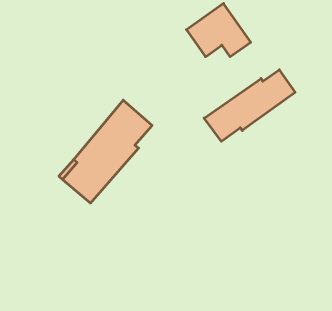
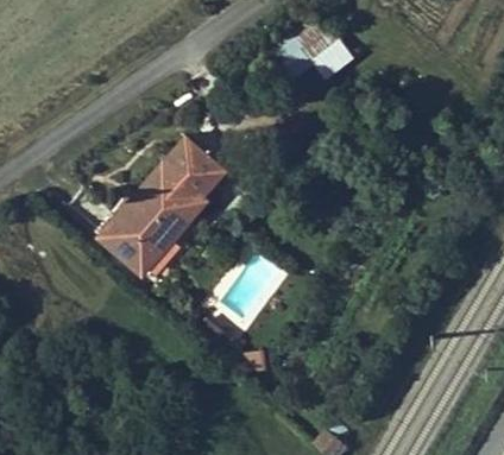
building: [204,70,295,141] -> none

